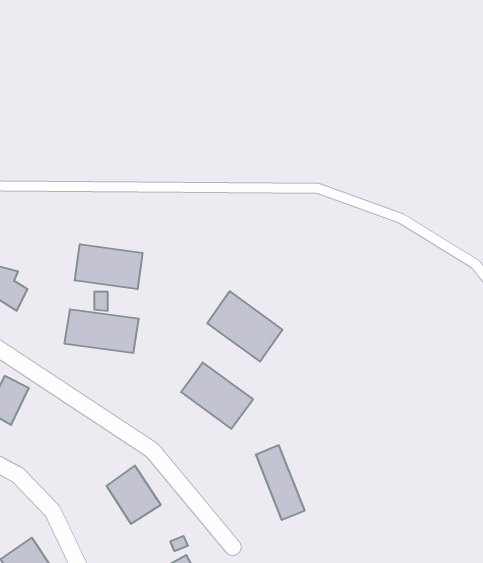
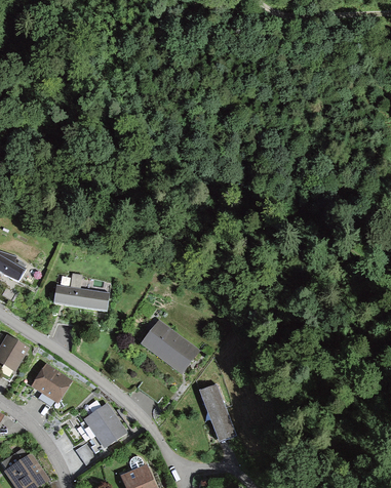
building: [75,244,142,289] -> none
building: [207,291,282,362] -> none
building: none -> [33,363,69,400]

